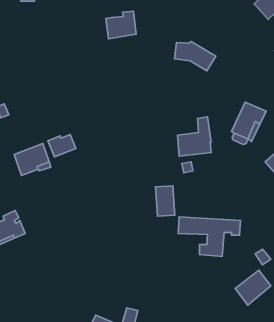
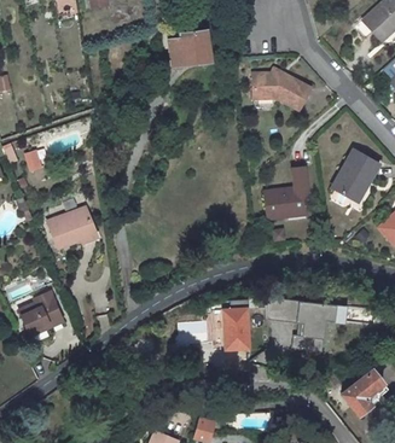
building: [48,135,76,157] -> none
building: [156,186,175,216] -> [222,309,248,349]

